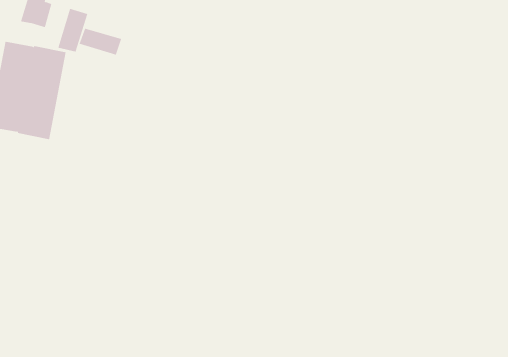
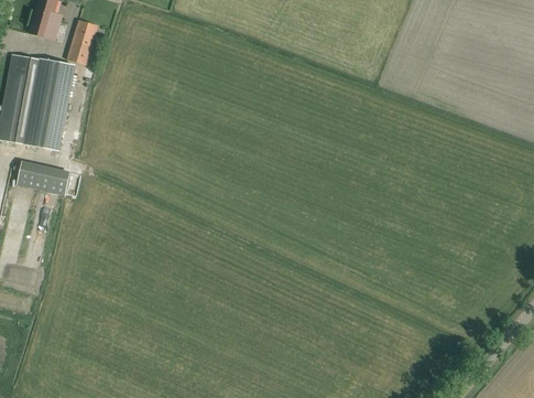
building: [79,28,122,56] -> none
building: none -> [15,162,69,195]

